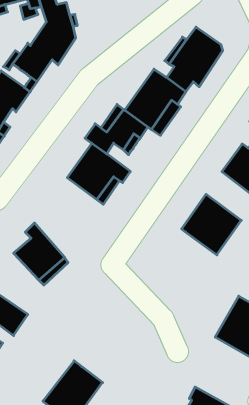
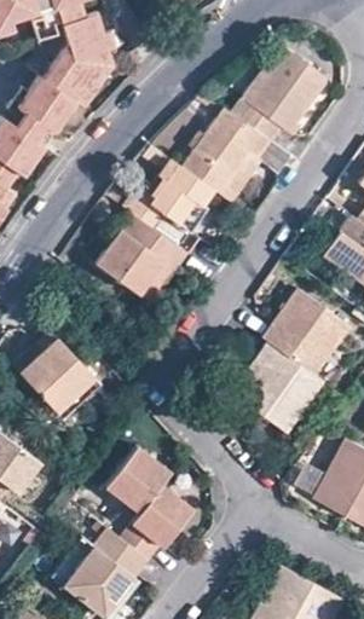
building: none -> [232,345,324,436]
building: none -> [105,447,193,561]

